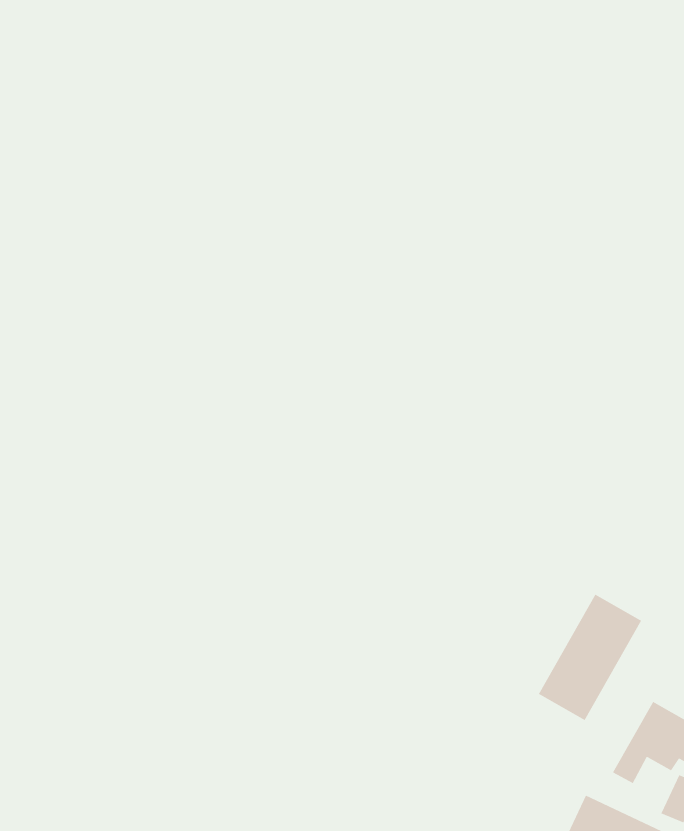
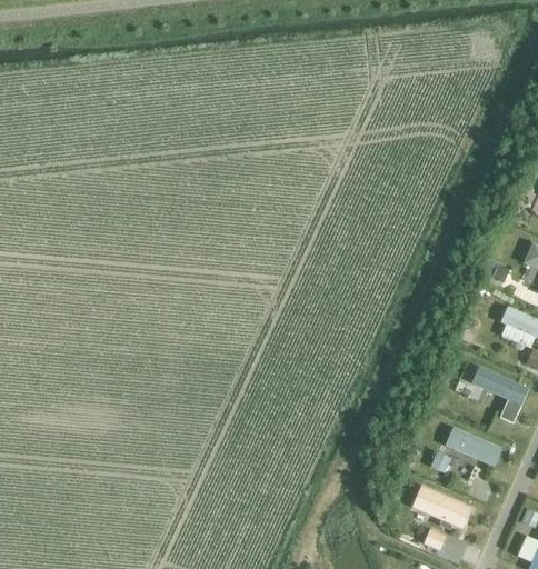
building: [538,594,642,721] -> none

